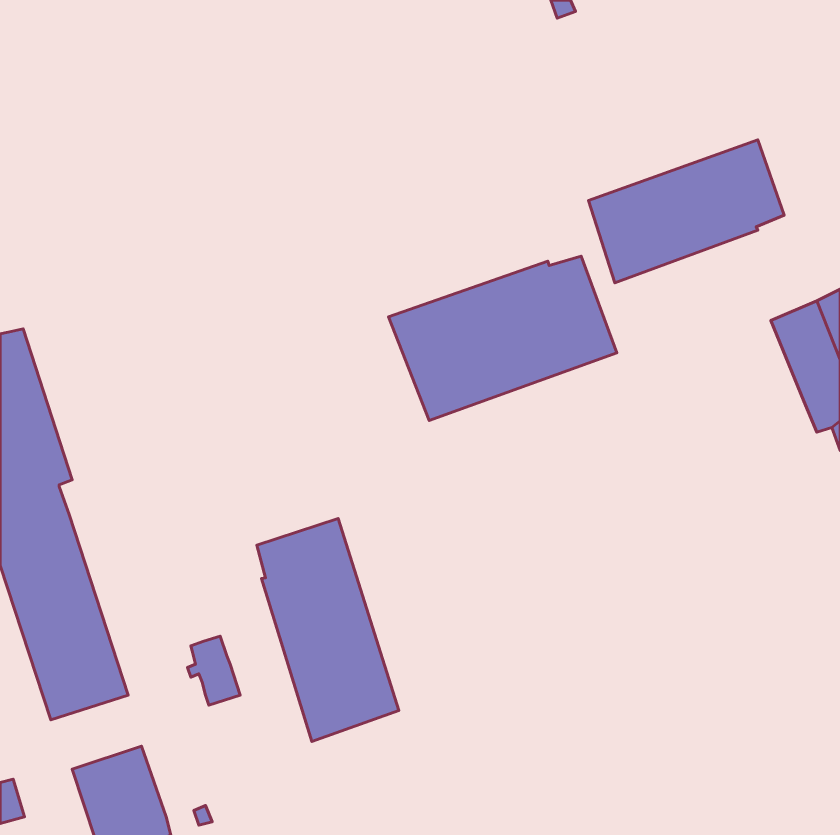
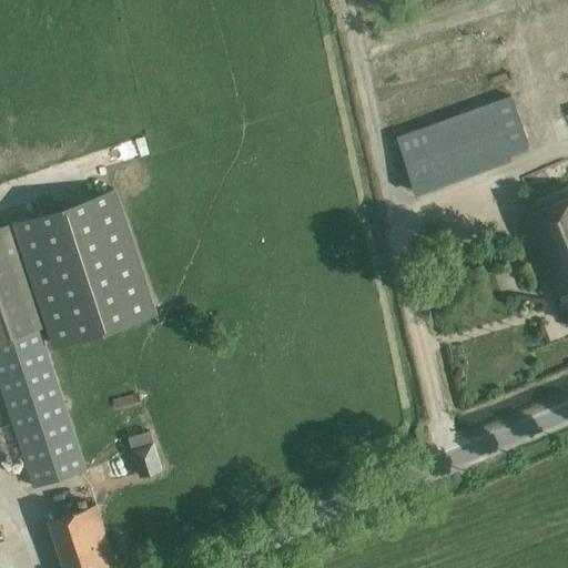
building: [388,256,617,420] -> none
building: none -> [16,193,154,348]
building: [257,518,399,742] -> none

